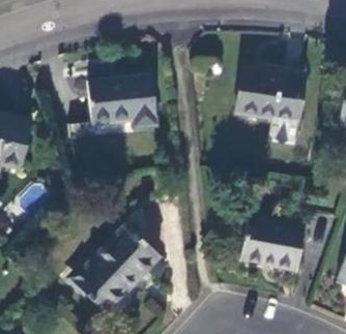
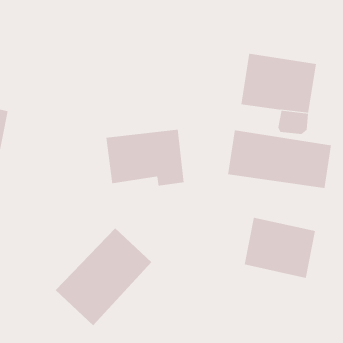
building: [86,78,156,128] -> [106,129,184,186]
building: none -> [228,129,332,189]

